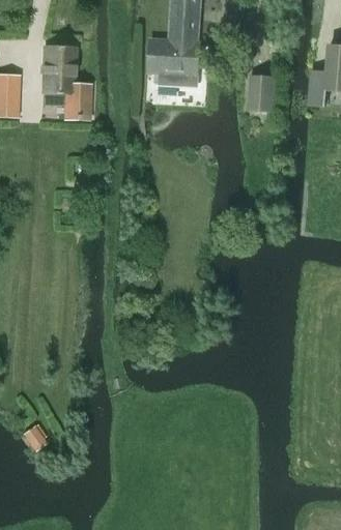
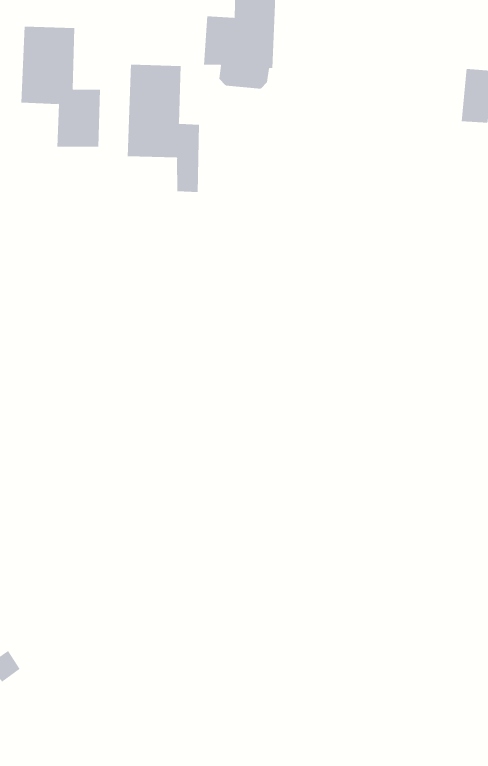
building: none -> [127,64,199,193]
building: [249,77,276,111] -> none

